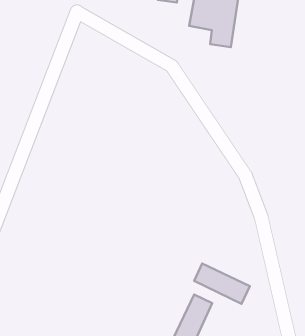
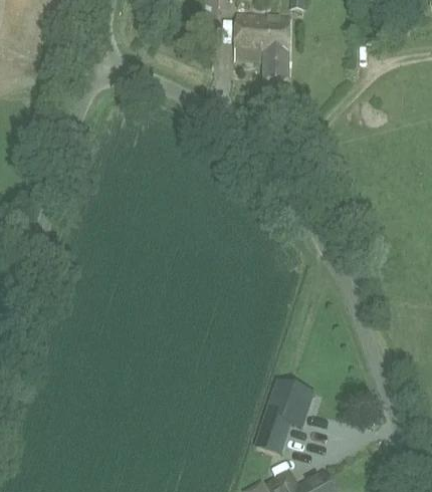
building: [194,264,250,304] -> none

